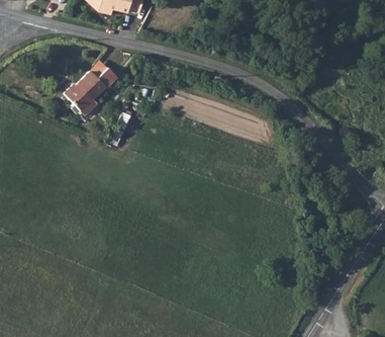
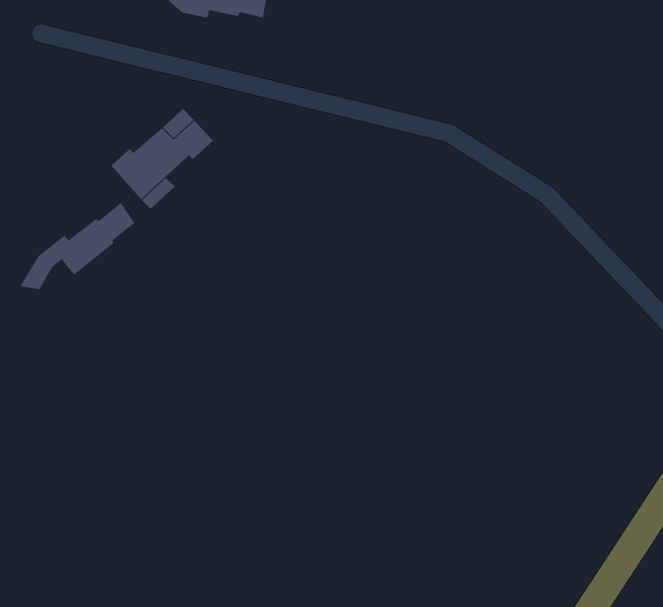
building: none -> [20,202,135,290]

